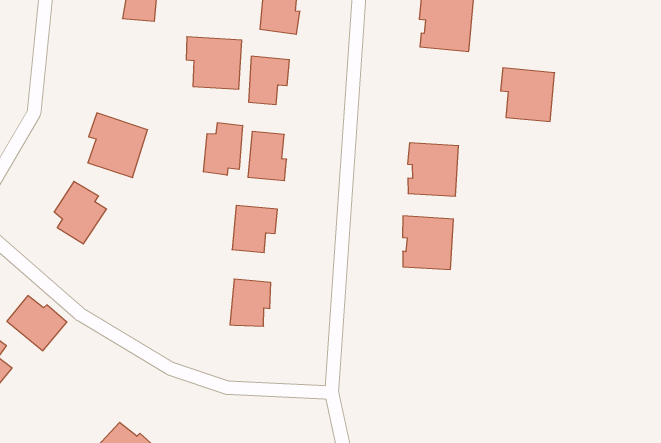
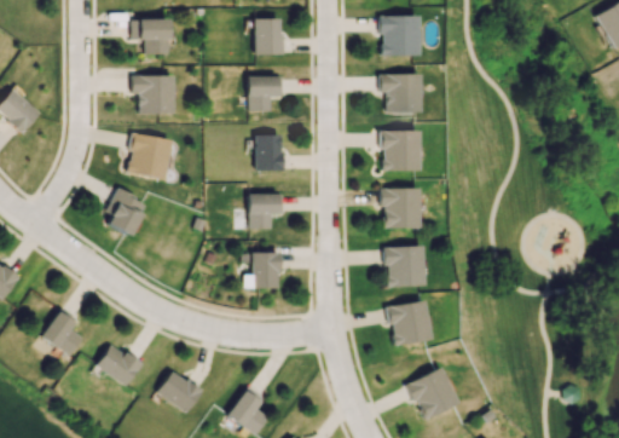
building: [186,37,242,89] -> [132,74,177,114]
building: [501,68,555,121] -> [380,74,421,113]
building: [204,123,243,175] -> none
building: none -> [383,246,426,289]
building: [7,296,67,351] -> [97,345,144,387]
building: none -> [387,301,432,347]

